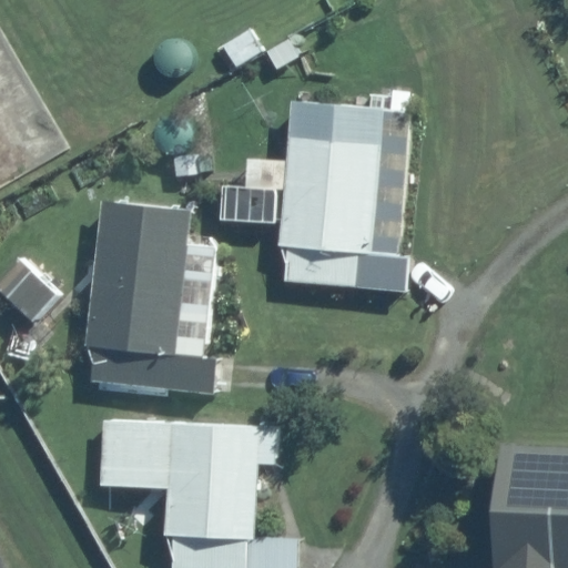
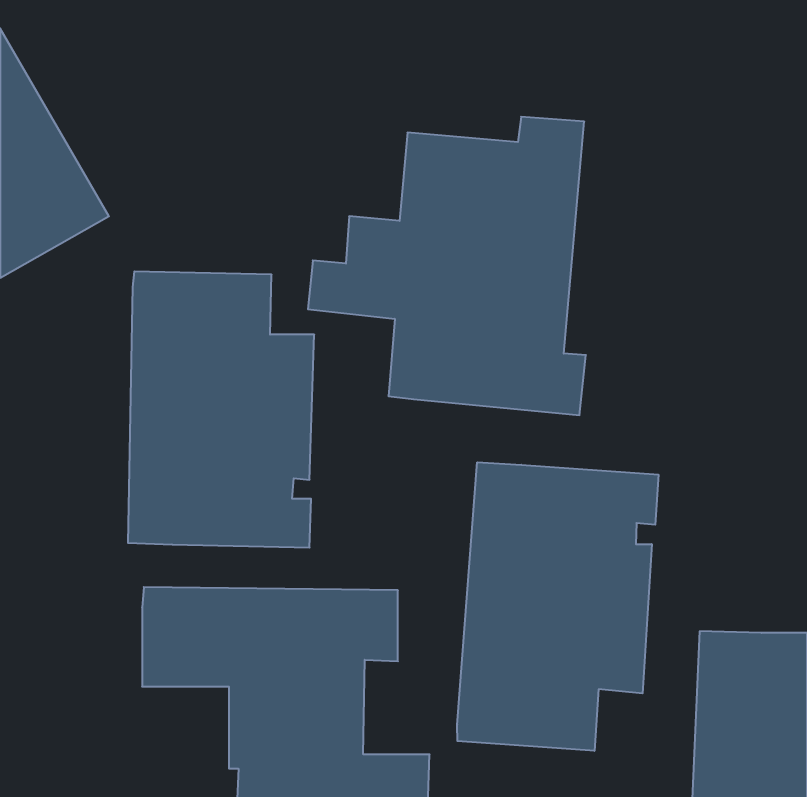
building: none -> [457,462,658,751]

